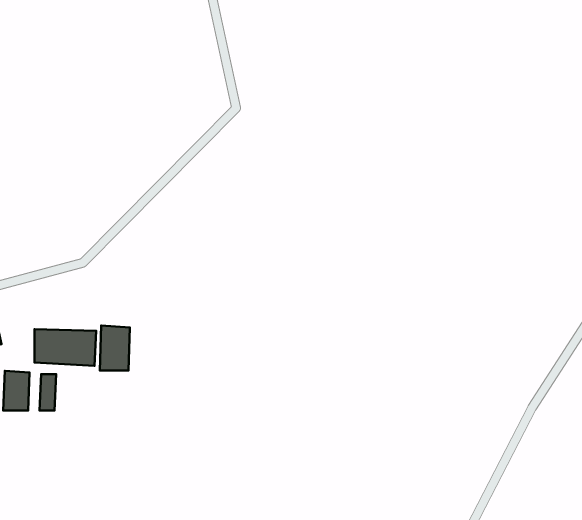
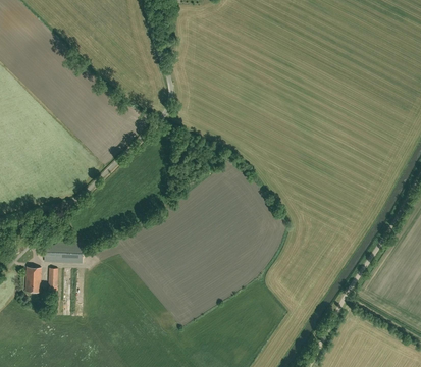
building: [100,326,130,371] -> none

